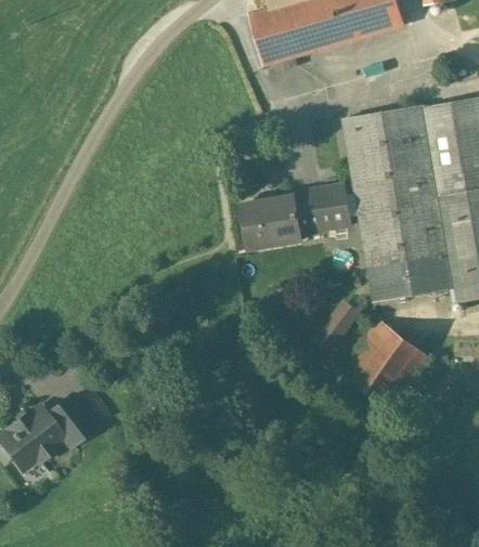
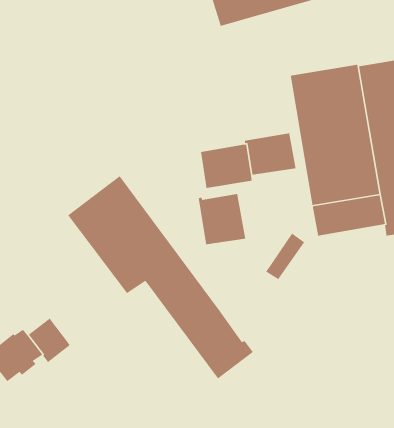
building: none -> [67,175,254,380]
building: none -> [198,193,246,245]
building: [345,322,432,407] -> none

